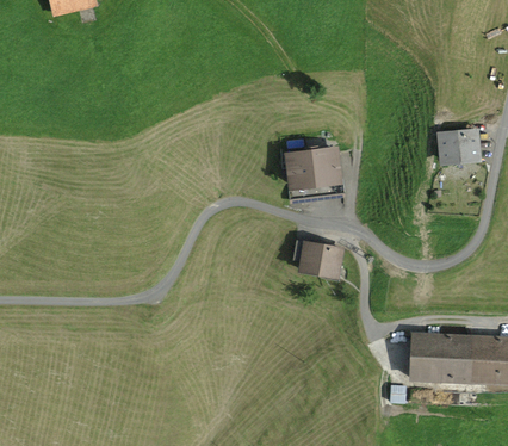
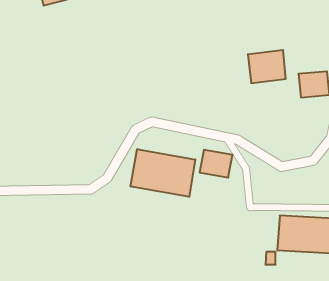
building: [286,147,340,193] -> [248,50,286,83]
building: none -> [131,149,195,197]

